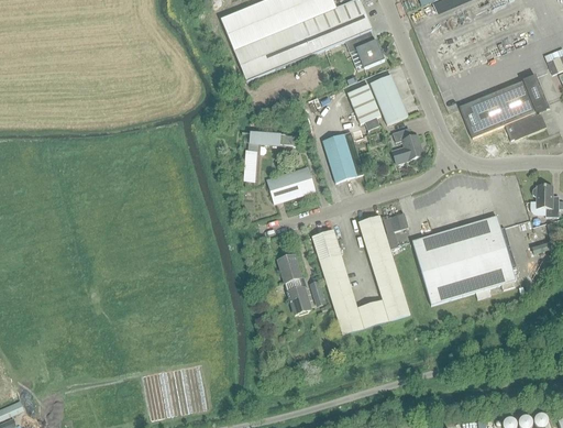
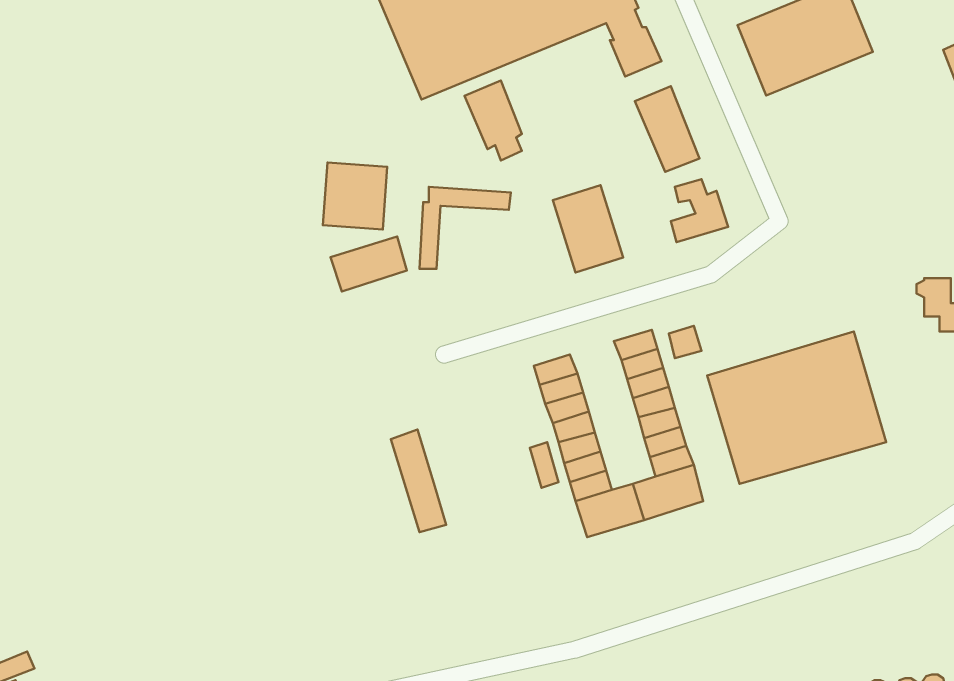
building: [459,75,548,140] -> none
building: [346,84,379,130] -> [465,80,522,160]
building: none -> [323,163,387,229]
building: [268,168,312,200] -> [330,236,407,292]
building: [278,254,310,314] -> [391,430,446,532]

